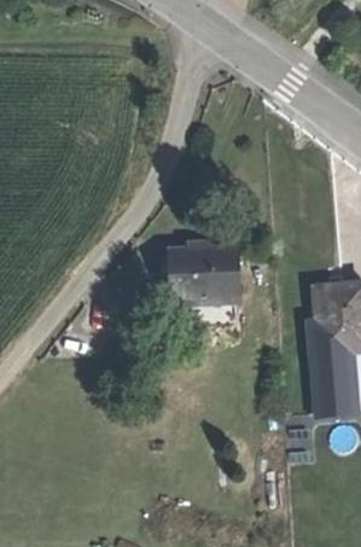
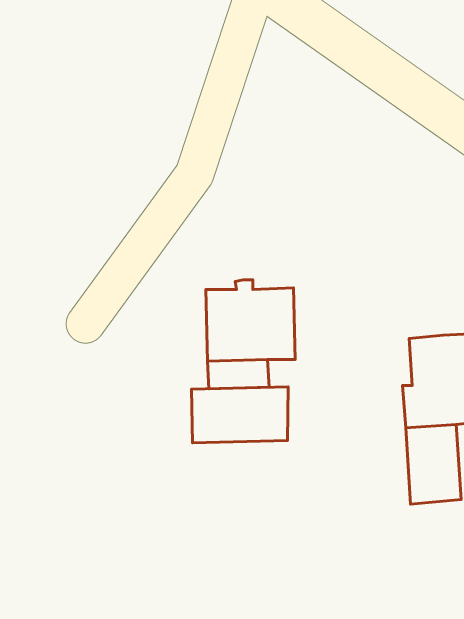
building: none -> [191,387,288,443]

